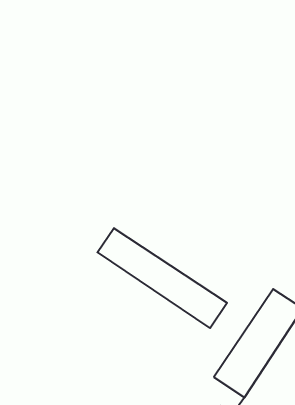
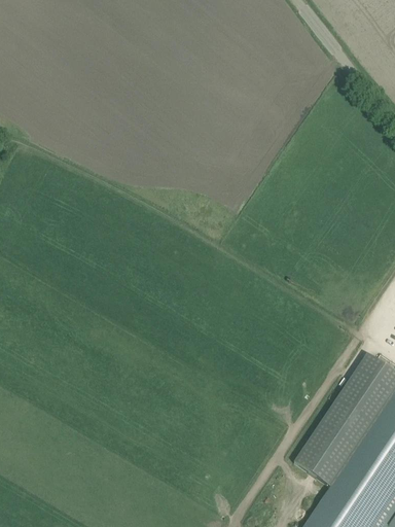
building: [97,228,227,328] -> none

